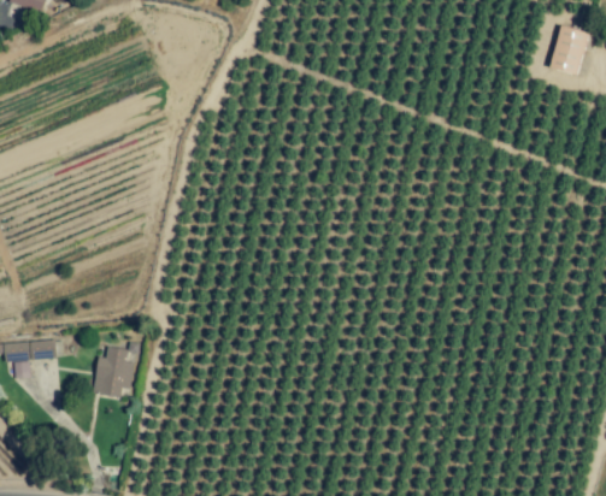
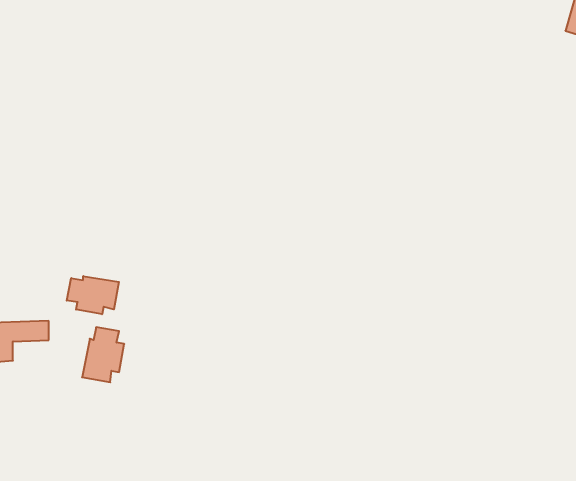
building: none -> [67,276,119,314]

